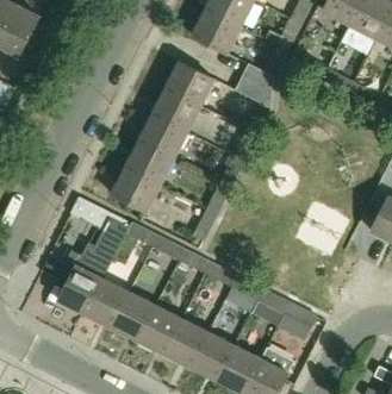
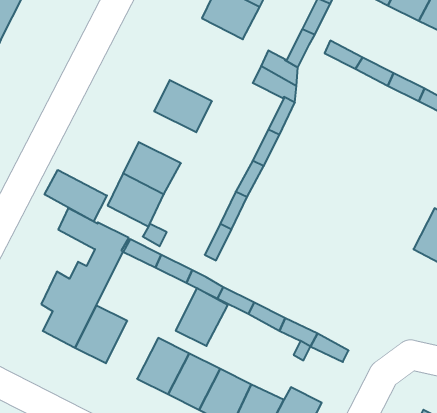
building: [164,61,213,106] -> none
building: [138,114,187,158] -> none
building: none -> [45,170,107,222]
building: [111,292,155,340] -> [176,288,228,346]

